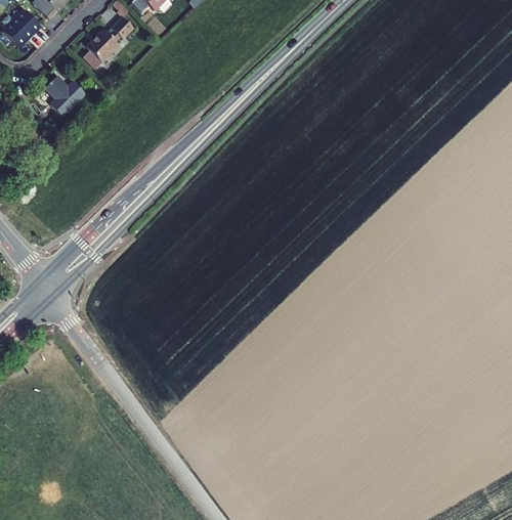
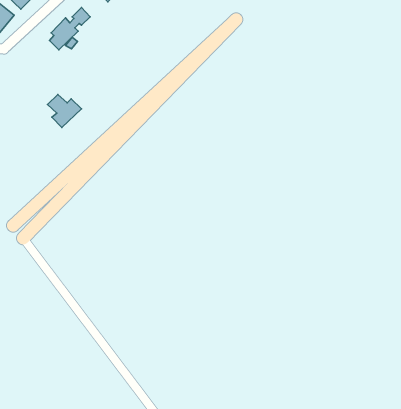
building: [44,75,85,115] -> [48,95,81,127]

